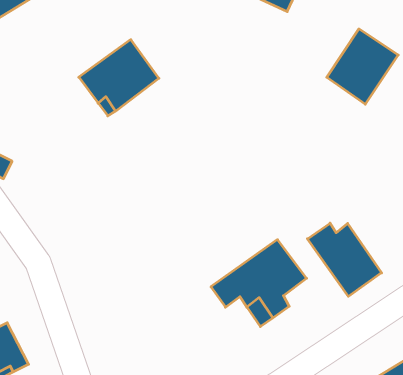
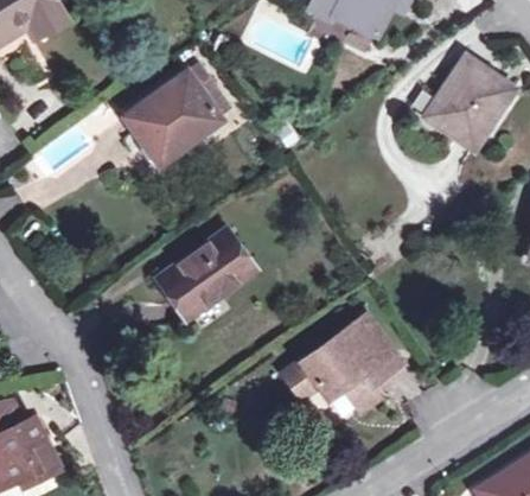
building: none -> [158,231,256,319]
building: [307,223,382,296] -> none

